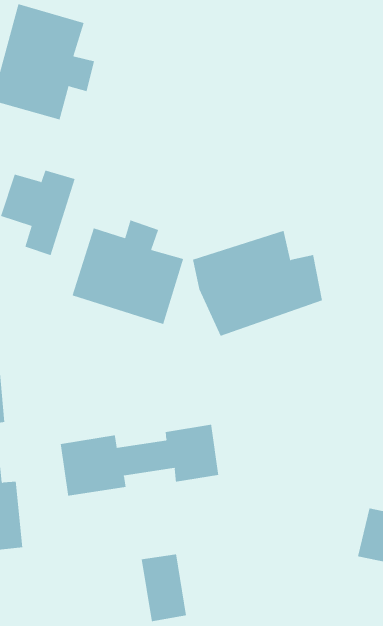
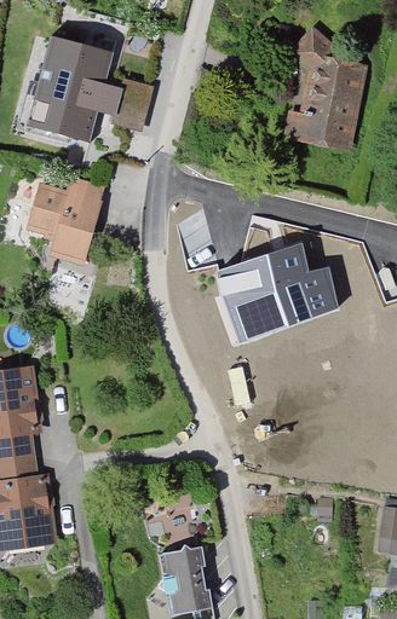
building: none -> [284,34,369,154]
building: [72,220,184,325] -> none
building: [60,424,219,496] -> none

